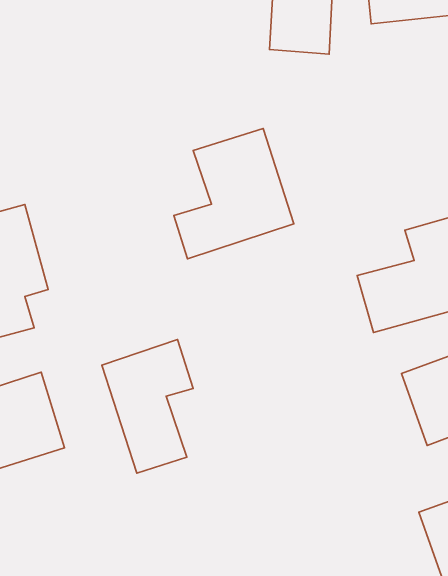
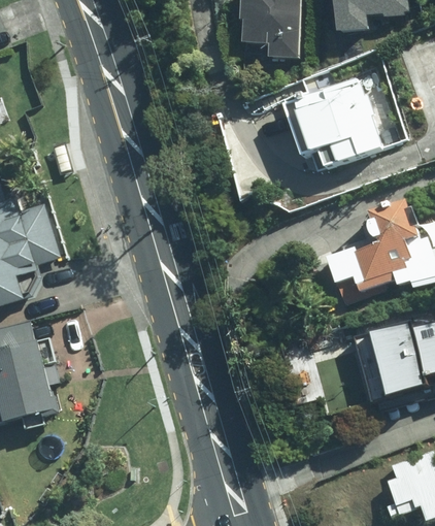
building: none -> [282,74,380,172]
building: [174,128,294,259] -> none
building: [102,340,193,473] -> none

